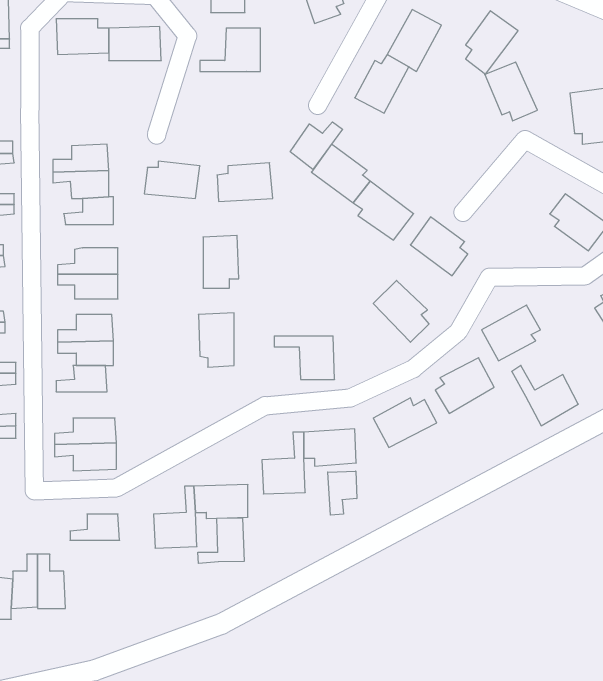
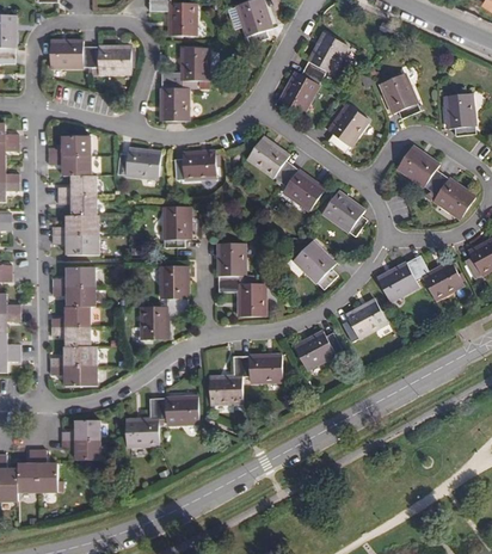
building: [466,11,518,74] -> [330,103,370,152]
building: none -> [161,79,197,119]
building: [290,122,343,169] -> none
building: none -> [399,144,443,189]
building: none -> [57,197,96,215]
building: none -> [217,242,245,283]
building: [512,365,578,426] -> [413,254,465,301]
building: none -> [141,306,187,339]
building: none -> [50,326,90,346]
building: [328,471,357,515] -> none
building: [198,518,244,563] -> none
building: none -> [61,441,100,460]

